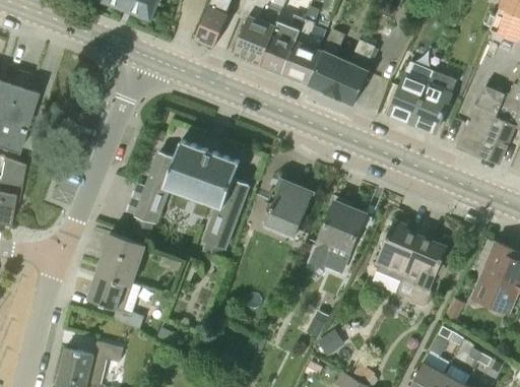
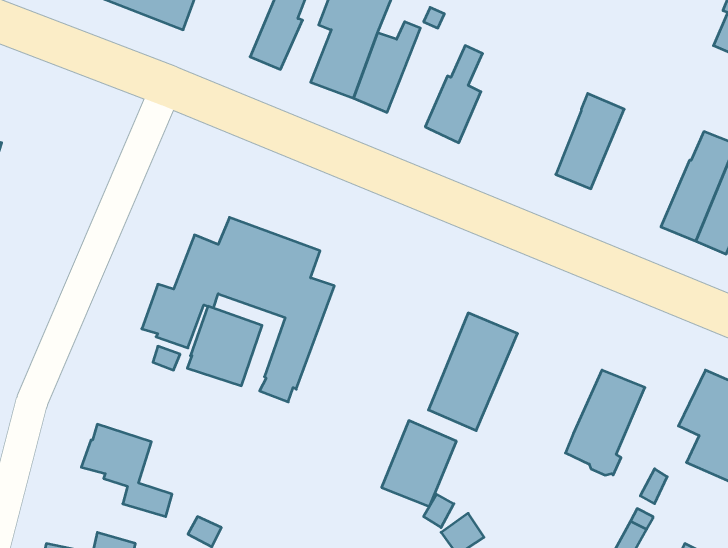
building: [282,19,321,82] -> none
building: [328,35,377,104] -> none
building: [412,71,456,132] -> none
building: [265,180,313,235] -> [382,421,456,506]
building: [374,220,419,278] -> none
building: [98,233,145,283] -> [187,306,262,386]

